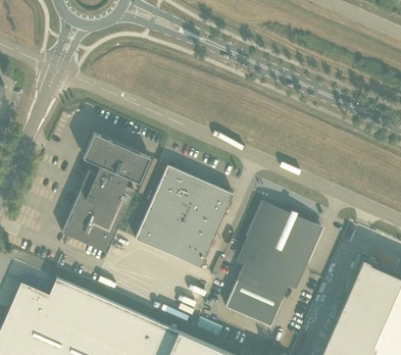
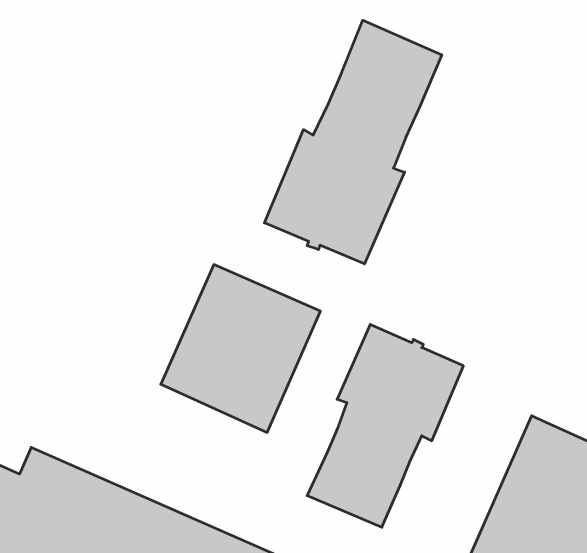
building: none -> [264,20,442,264]
building: [61,133,148,253] -> none

